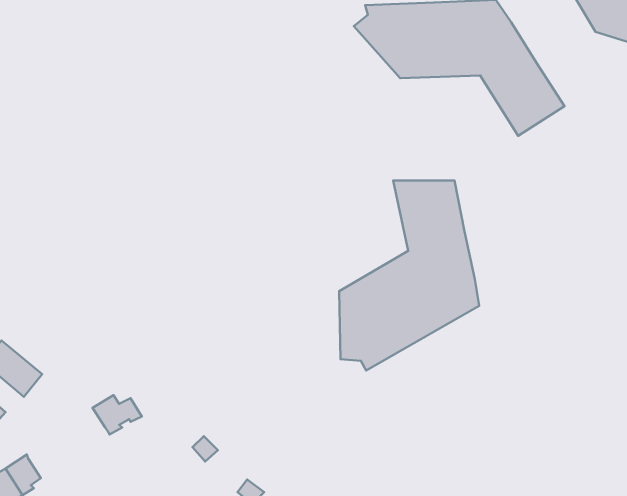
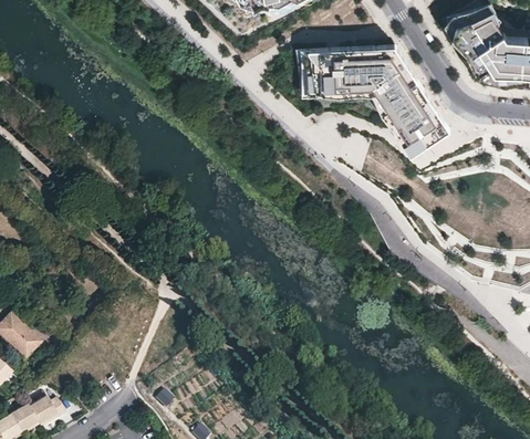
building: [339,180,479,371] -> none
building: [93,395,142,435] -> [27,397,65,428]

